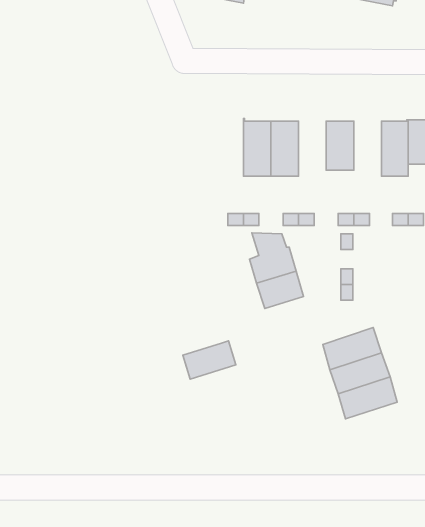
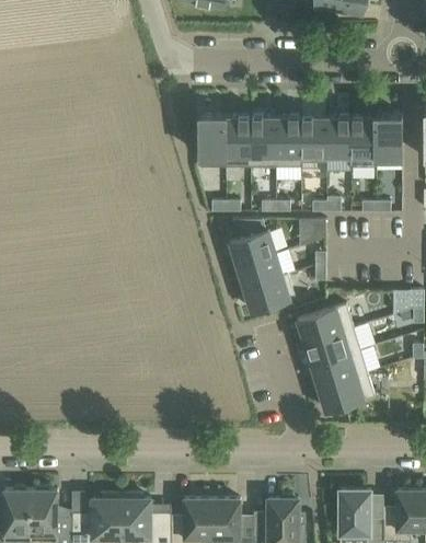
building: none -> [199,115,226,167]
building: none -> [276,117,301,167]
building: none -> [326,117,352,157]
building: [183,341,236,379] -> [245,275,293,310]
building: none -> [319,373,373,411]

